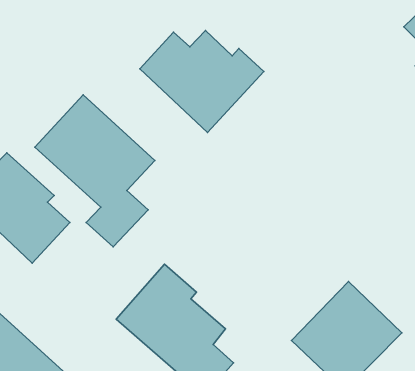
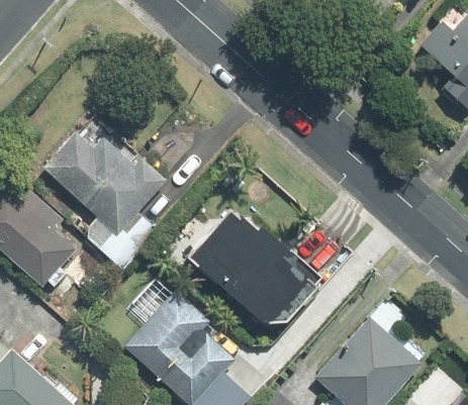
building: [140,31,264,132] -> none
building: none -> [189,203,329,338]

